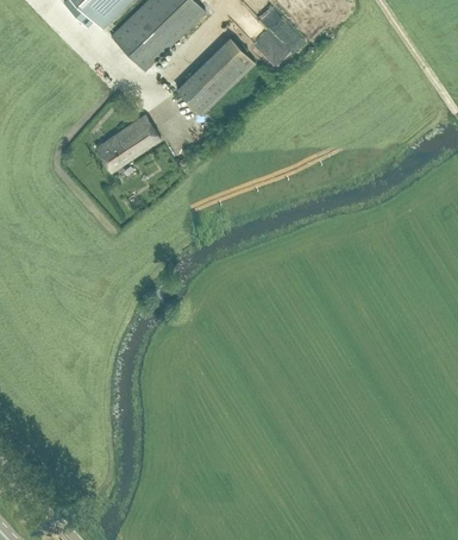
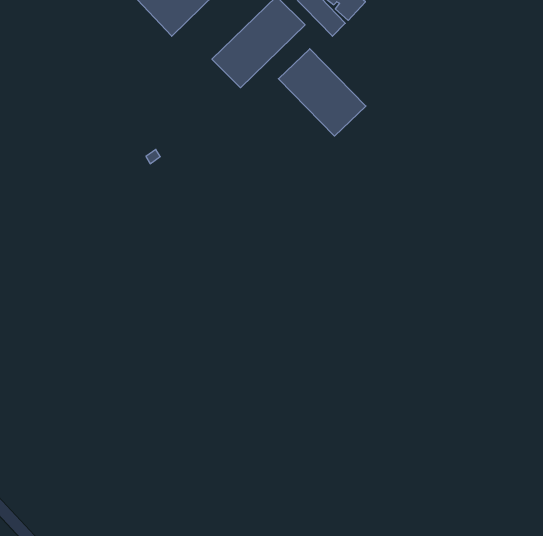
building: none -> [278,49,366,136]
building: [94,114,161,171] -> none

